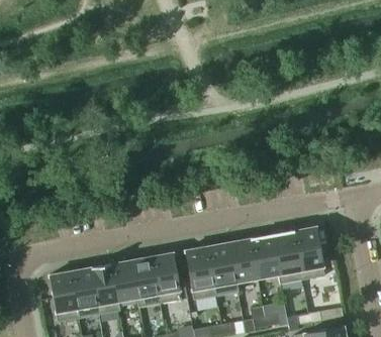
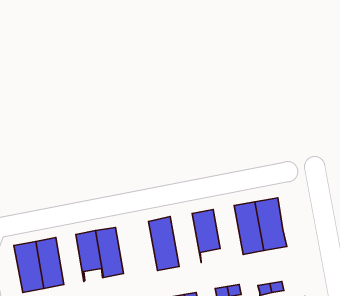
building: [251,235,281,285] -> none
building: [207,243,239,297] -> none
building: [152,253,182,304] -> none
building: [91,264,119,315] -> none

